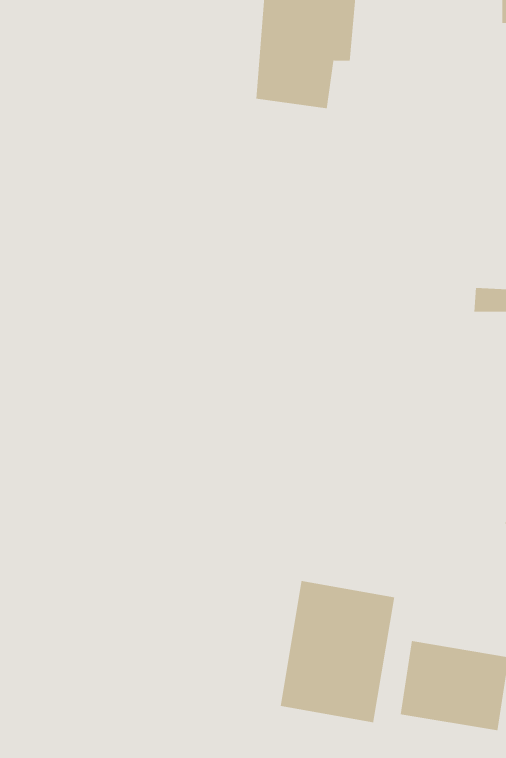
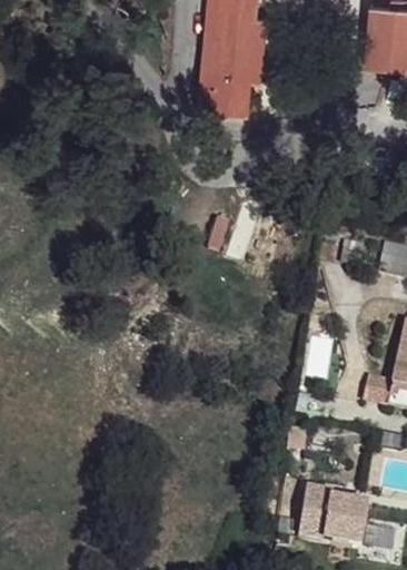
building: [280,580,395,723] -> none

